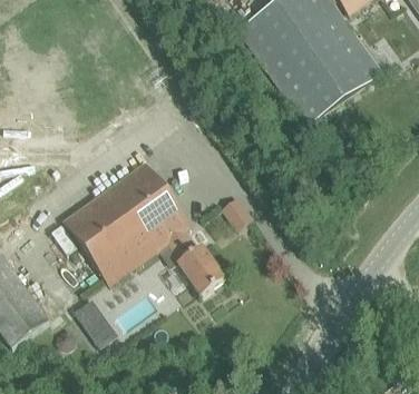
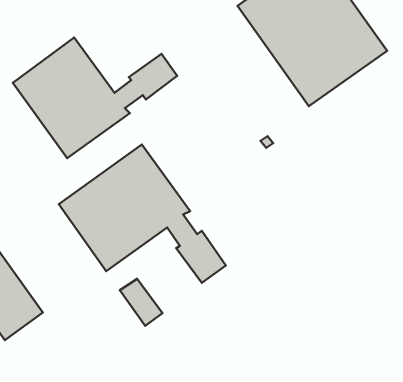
building: none -> [13,37,177,158]
building: [74,301,115,346] -> [120,279,162,326]

